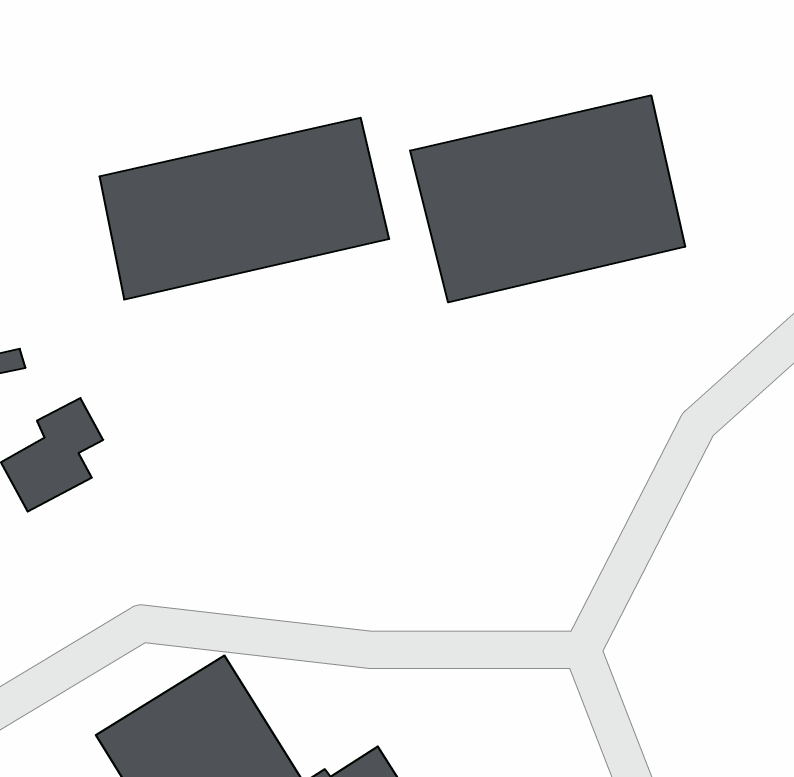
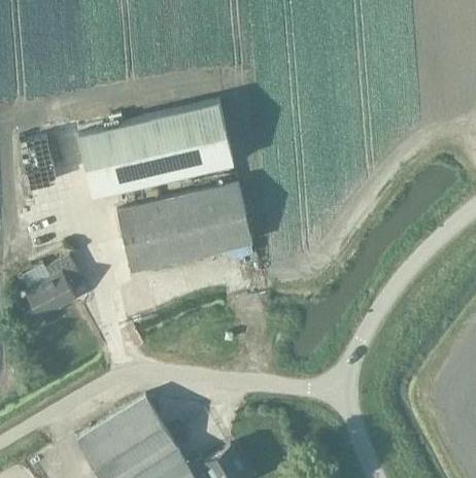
building: [410,95,685,302] -> none
building: none -> [116,183,251,271]

